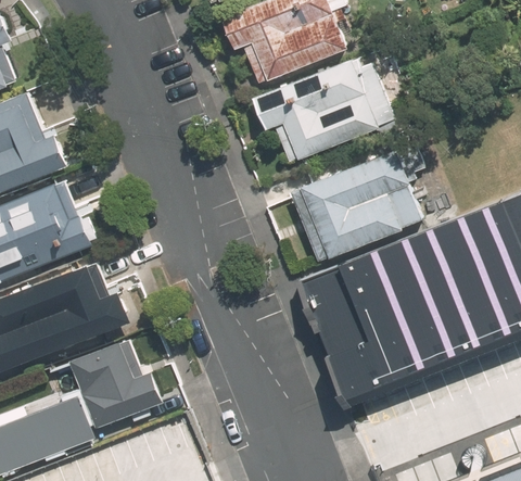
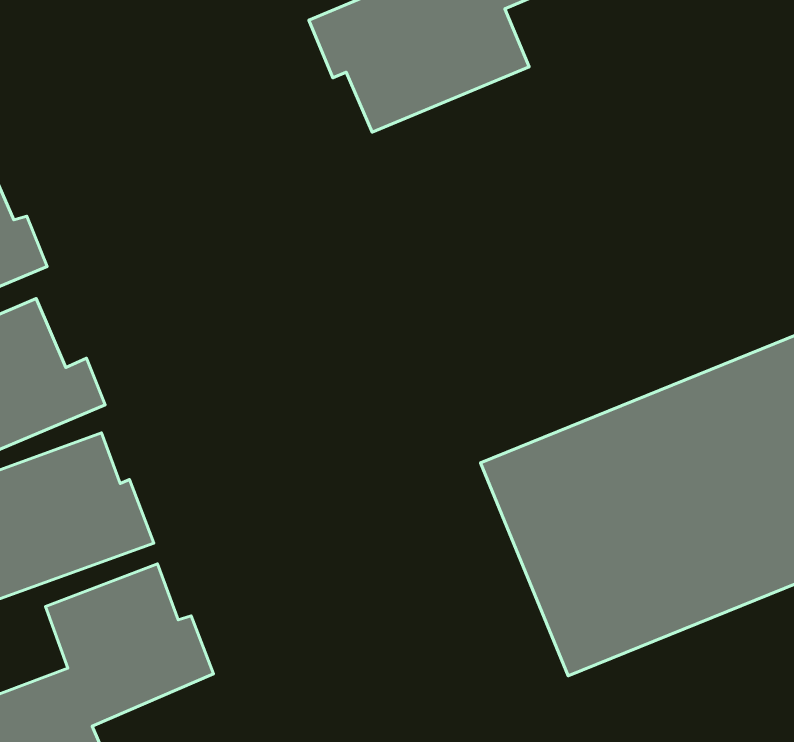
building: [254,59,395,159] -> none
building: [290,145,422,263] -> none

